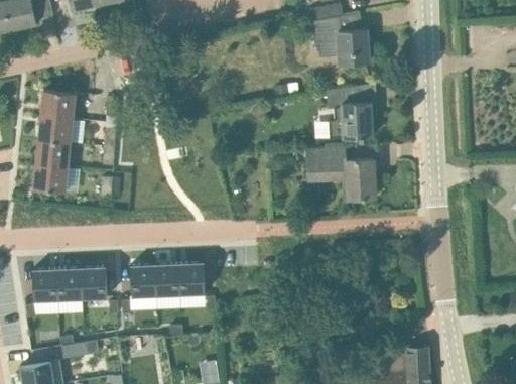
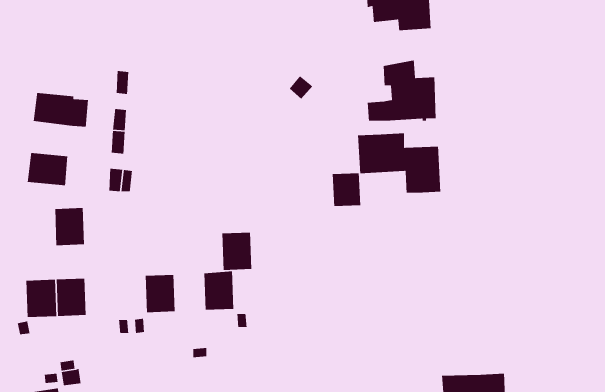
building: [41,90,76,118] -> none
building: [36,139,71,167] -> none
building: none -> [332,172,361,207]
building: [155,264,180,296] -> [222,232,252,271]
building: [82,267,107,299] -> [54,207,85,246]

